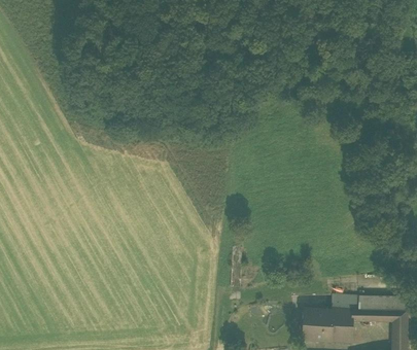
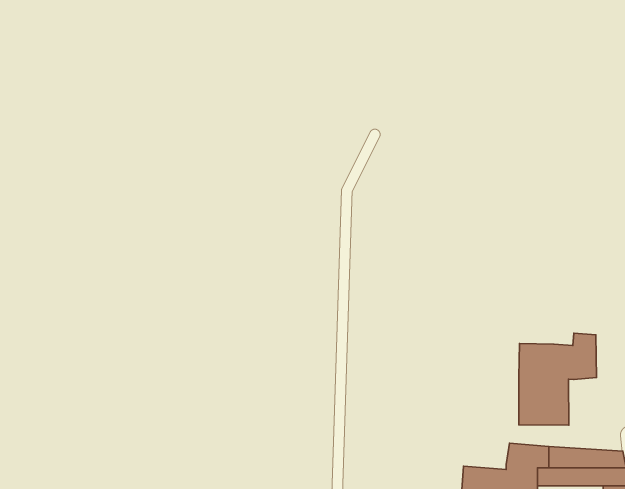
building: none -> [519,333,596,425]

